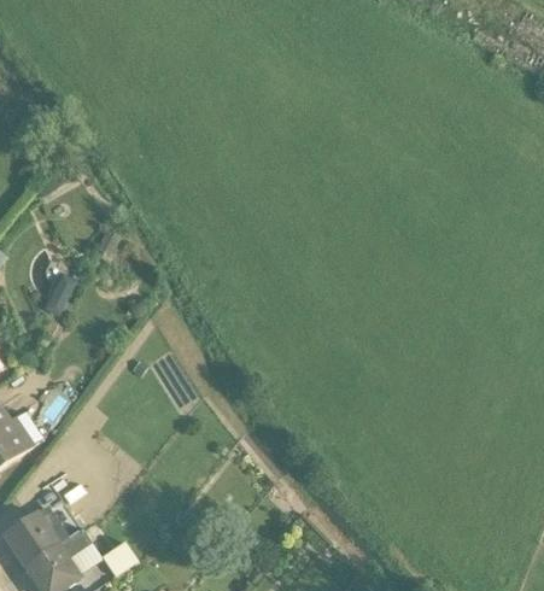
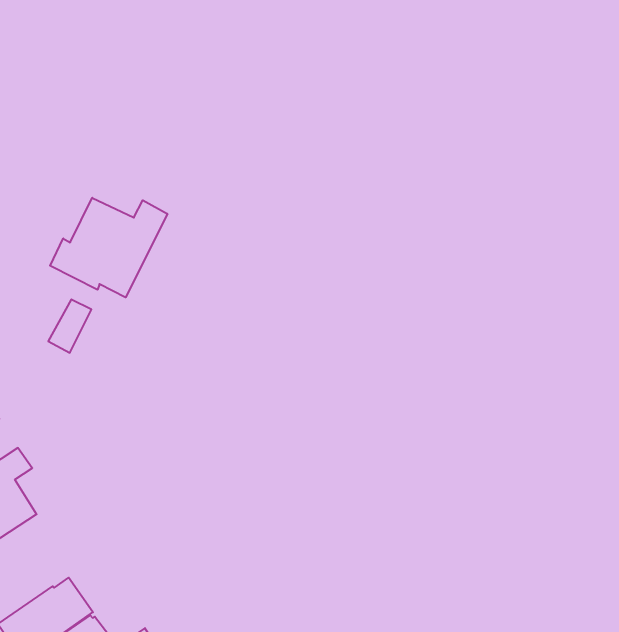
building: none -> [50,198,167,297]

